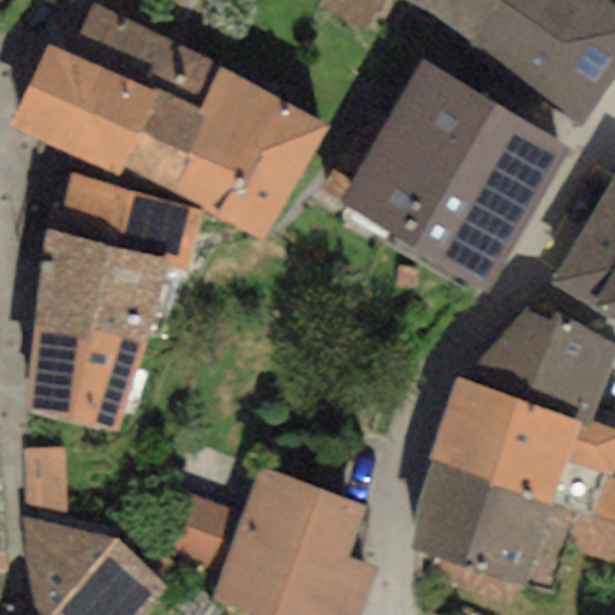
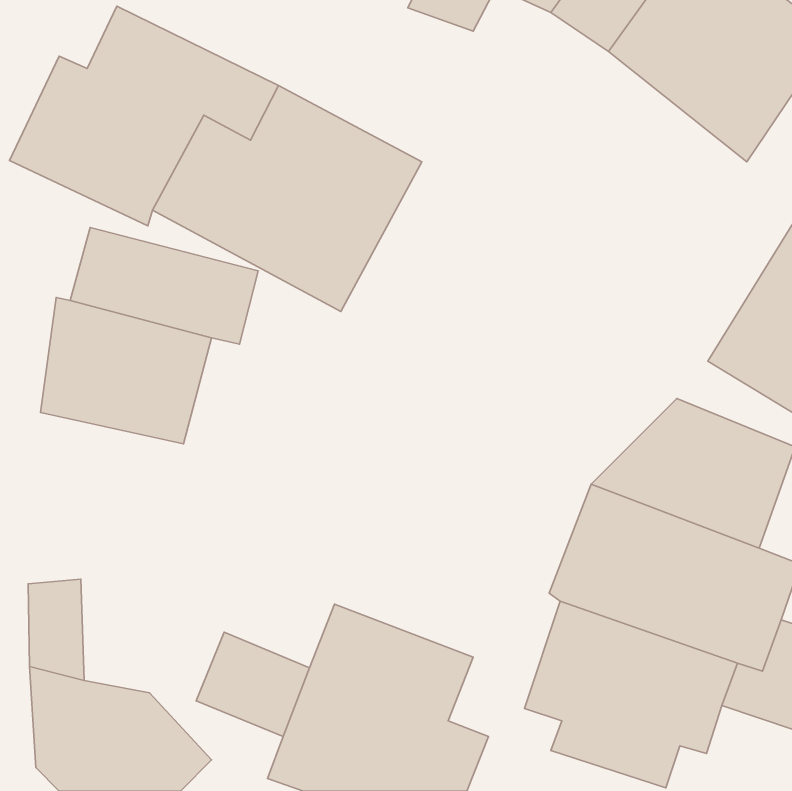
building: [340,60,567,287] -> none
building: [22,318,144,429] -> none

